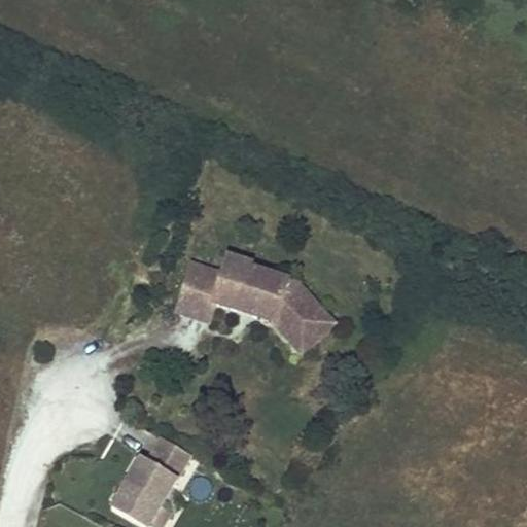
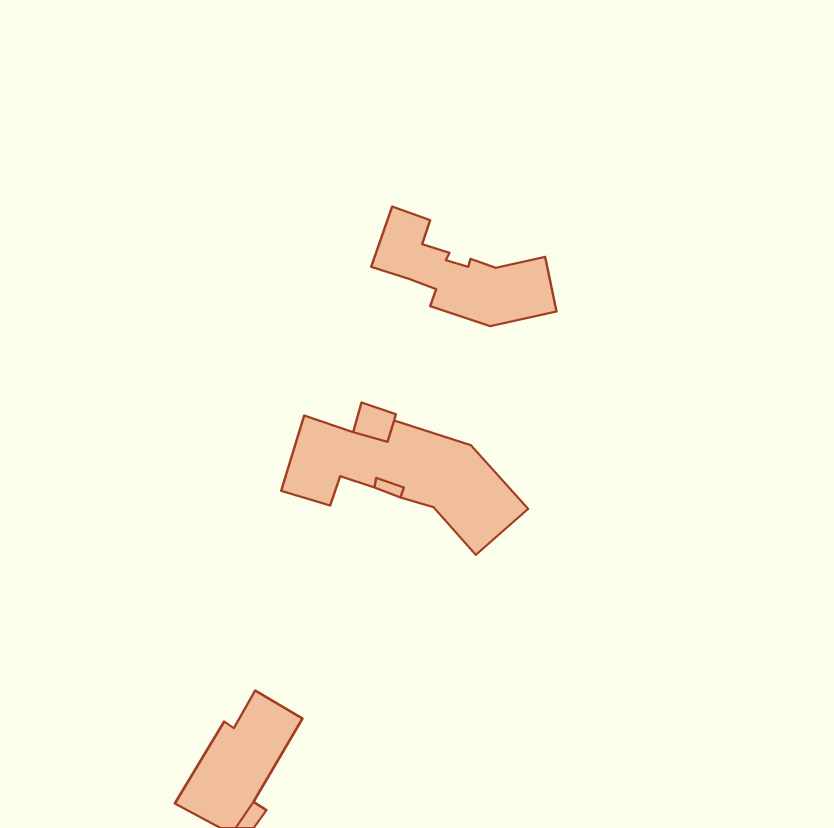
building: none -> [371,207,557,326]

